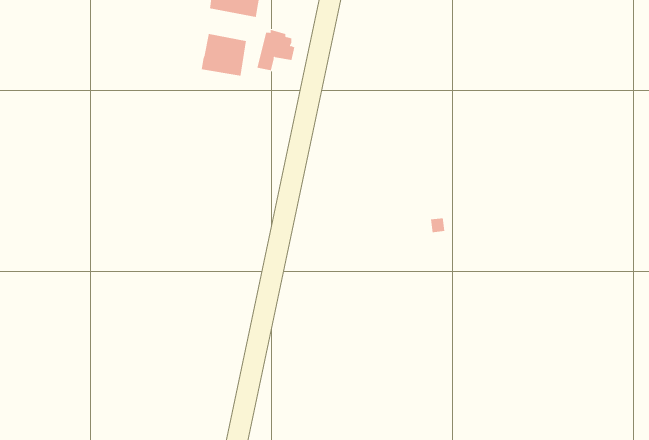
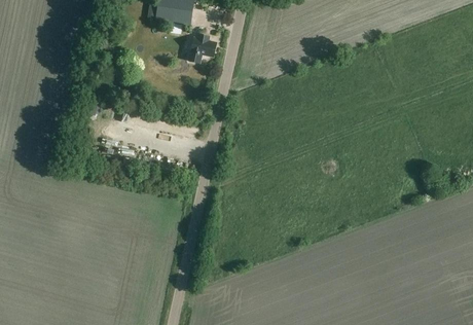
building: [201,33,246,77] -> none

